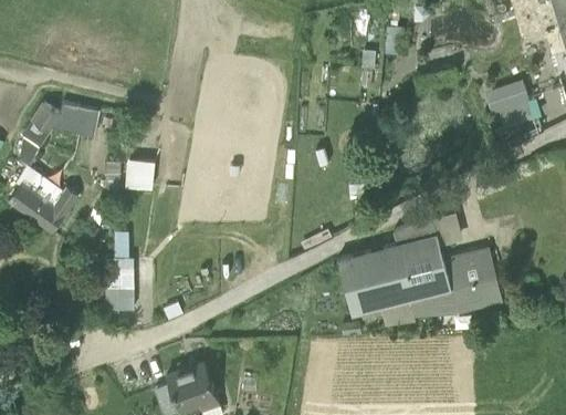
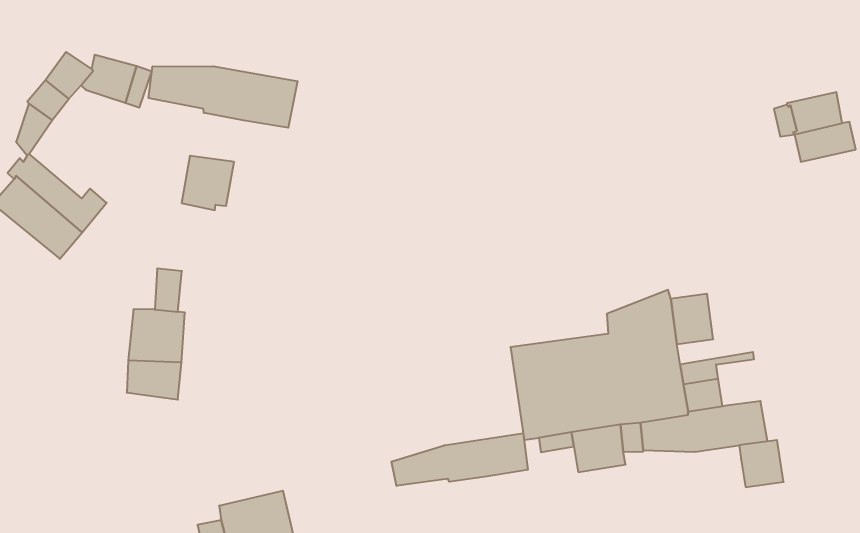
building: none -> [149,66,297,128]
building: [465,251,495,282] -> [739,440,784,487]
building: none -> [391,433,528,486]

